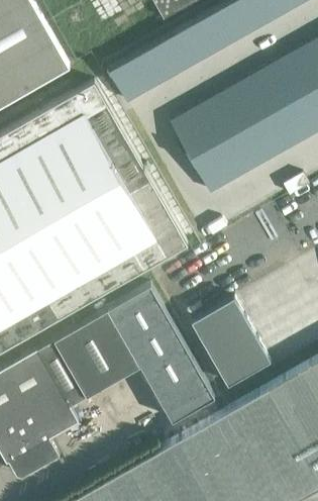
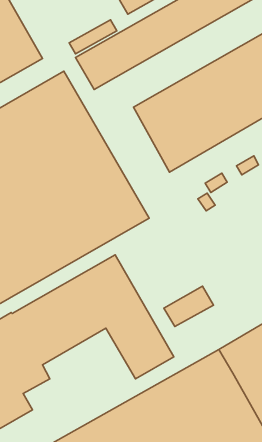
building: [191,299,245,344] -> none
building: [215,341,270,386] -> none

